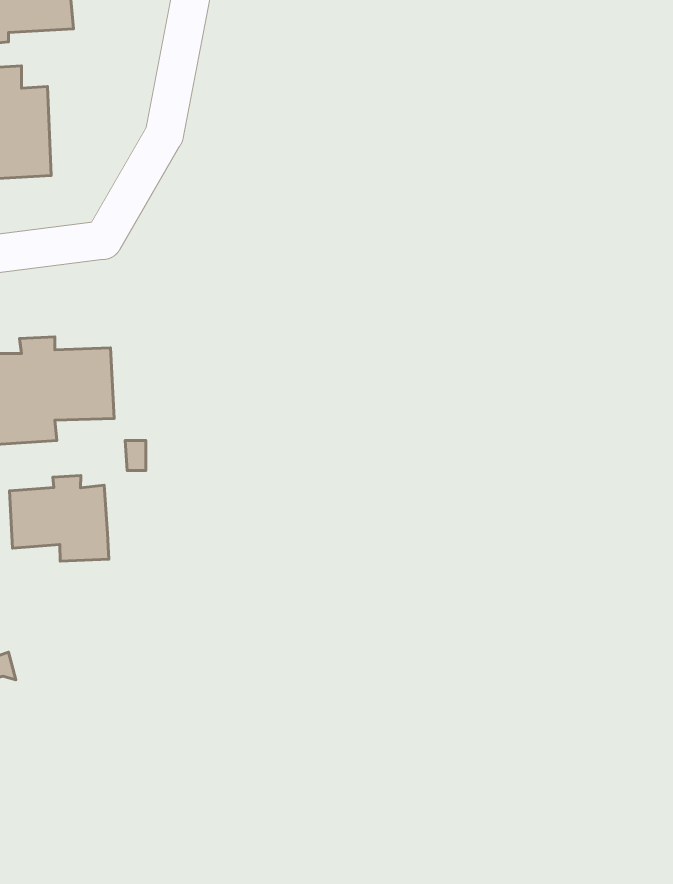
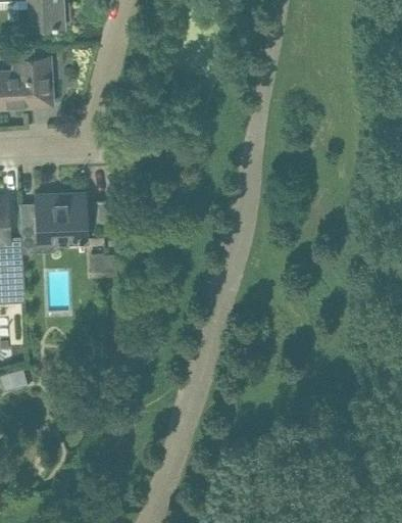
building: [10,476,109,561] -> none

